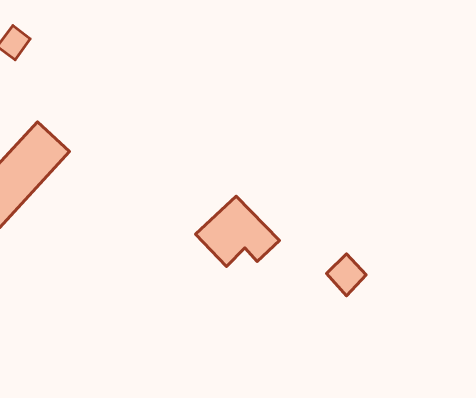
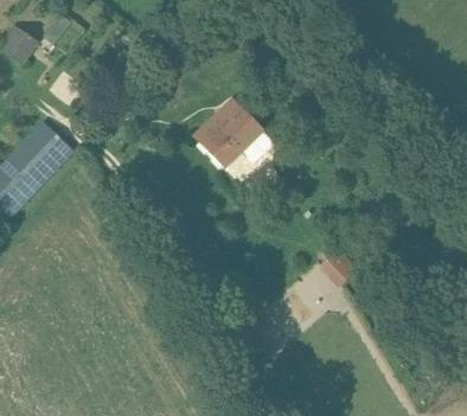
building: [196,196,280,266] -> [194,100,275,167]

